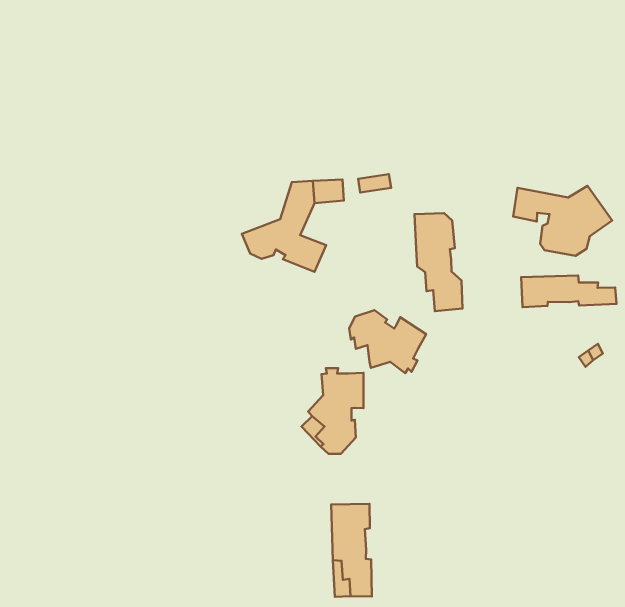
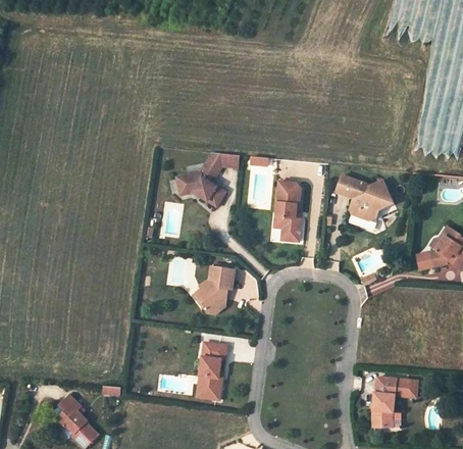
building: [521,276,617,307] -> none
building: [349,310,426,373] -> none

